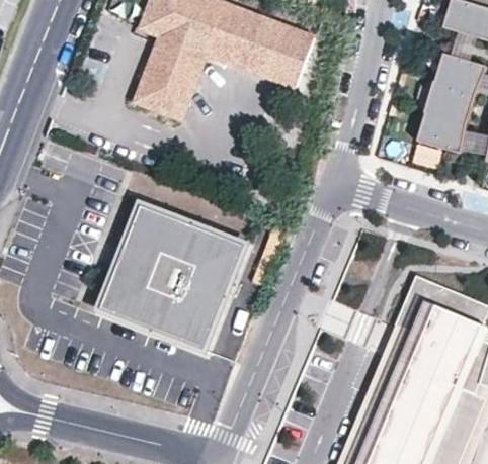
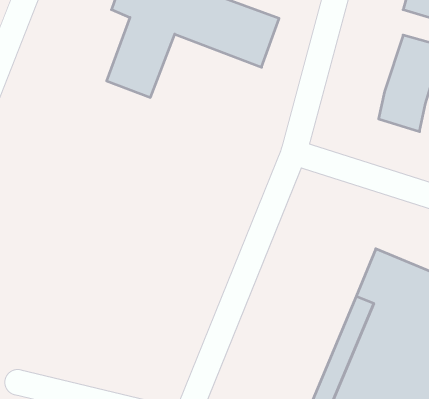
building: [100,205,246,349] -> none

